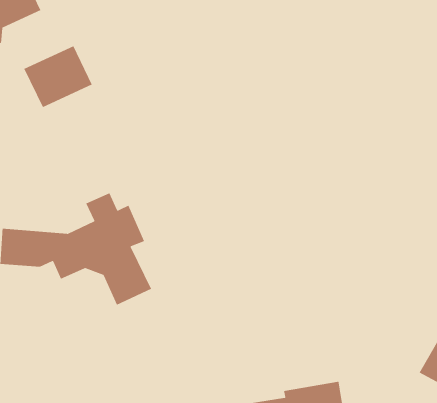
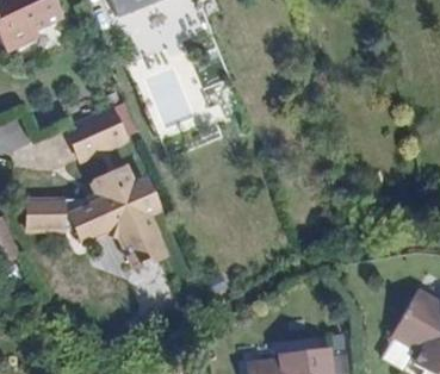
building: [23,45,93,108] -> [63,111,124,166]

